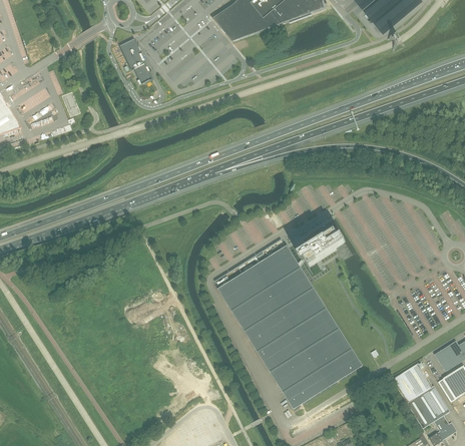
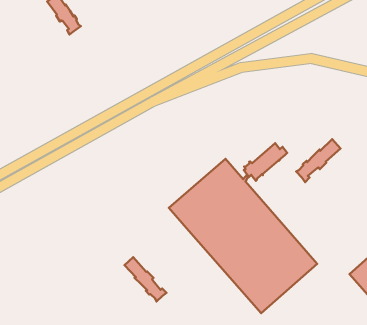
building: none -> [296,139,341,182]
building: none -> [124,257,166,301]

